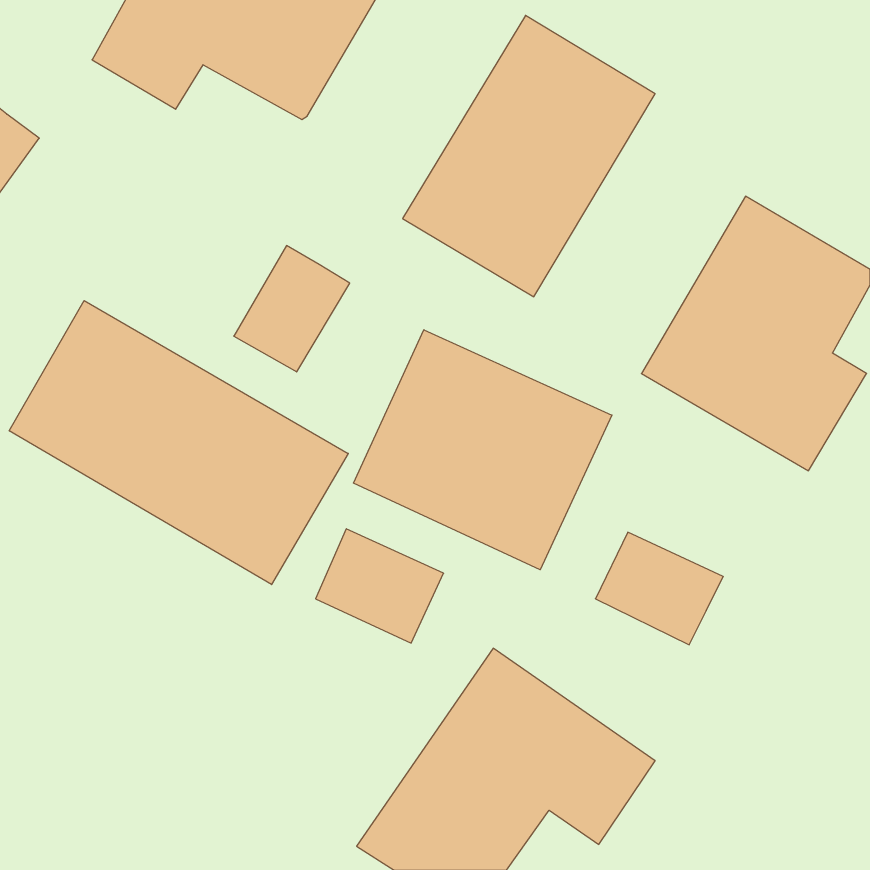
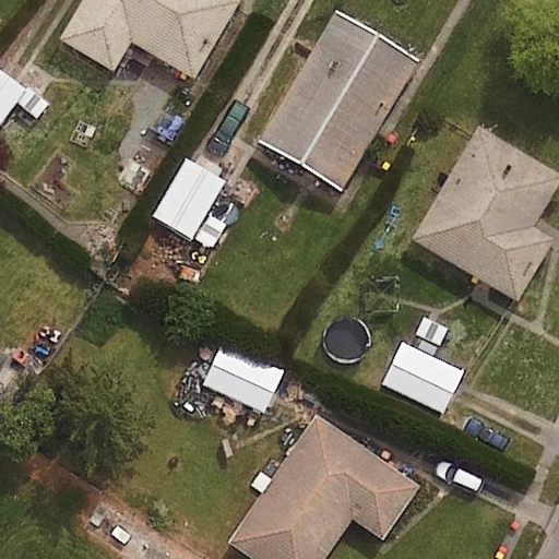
building: [9,301,348,585] -> none
building: [354,330,612,570] -> none

